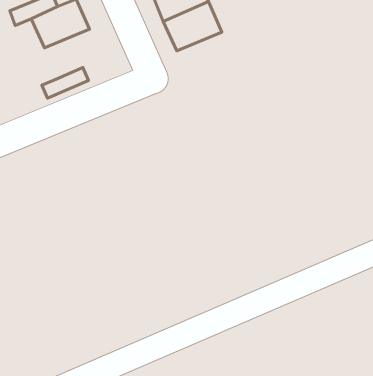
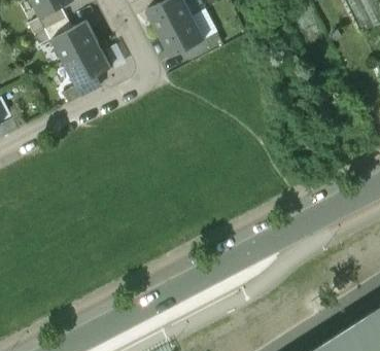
building: none -> [65,44,111,85]

